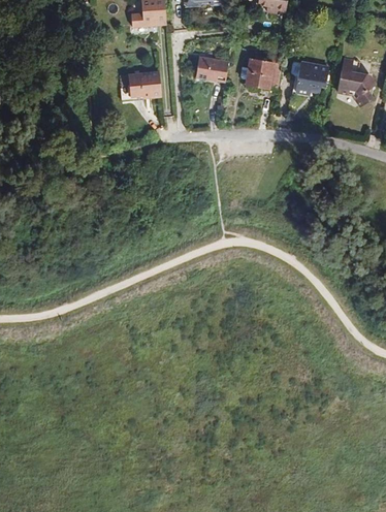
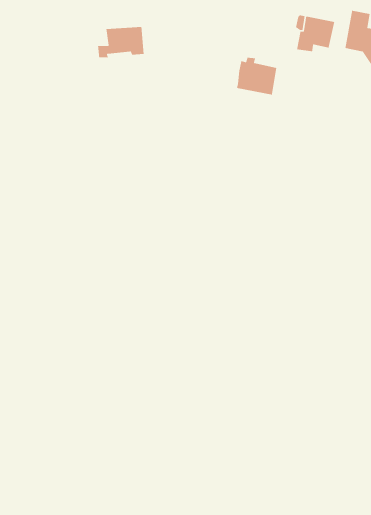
building: [245,55,281,89] -> [236,57,277,96]
building: [195,56,228,81] -> none

